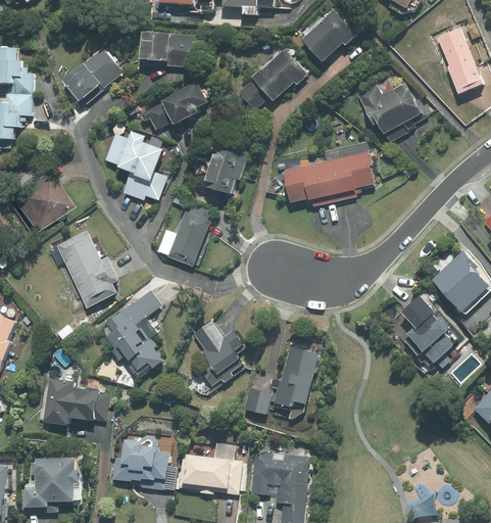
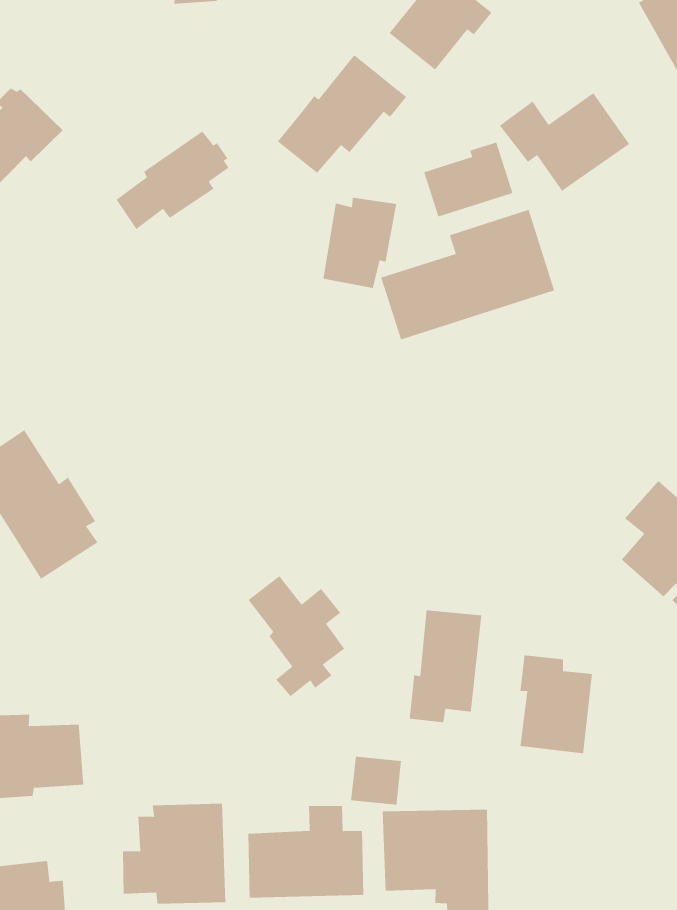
building: [140,31,194,68] -> none
building: none -> [423,141,513,218]
building: [102,128,168,201] -> none
building: [205,145,249,195] -> [322,197,397,289]
building: [165,211,210,267] -> none
building: [100,290,164,379] -> none
building: none -> [519,655,593,754]
building: [243,387,273,416] -> [350,756,402,805]

